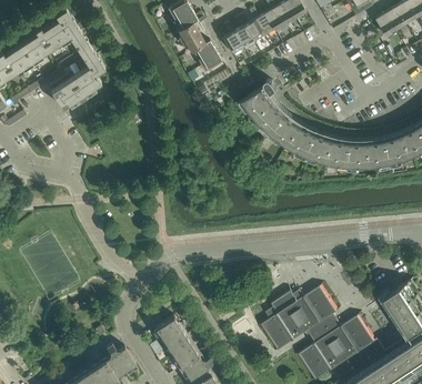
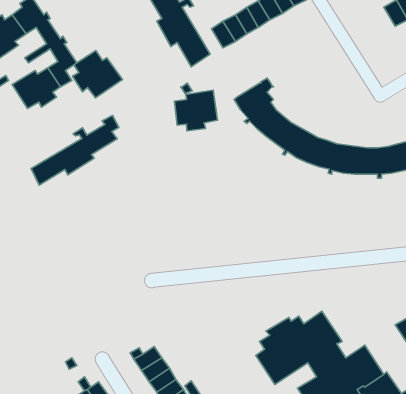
building: none -> [73,51,122,98]
building: none -> [174,90,217,131]
building: none -> [31,115,119,185]

